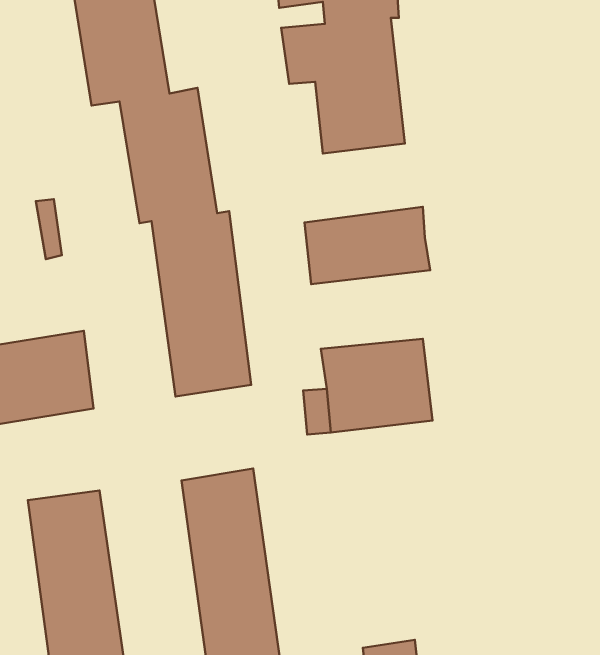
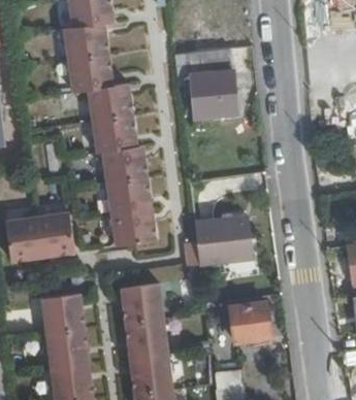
building: [304,207,430,284] -> none
building: none -> [228,302,268,342]

